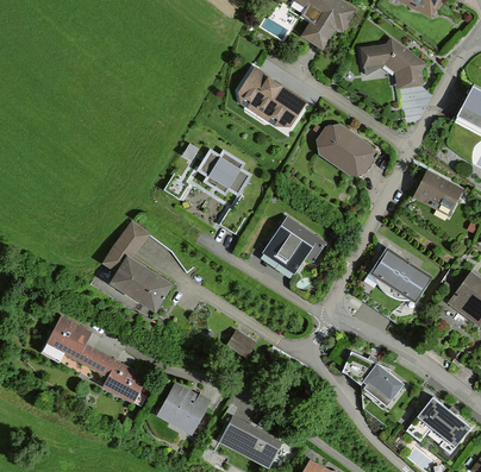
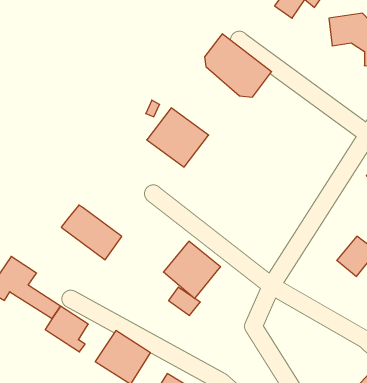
building: [317,125,374,175] -> none
building: [262,216,319,273] -> [163,241,221,299]
building: [105,225,146,271] -> none
building: [369,246,408,287] -> none
building: [344,353,401,407] -> none

